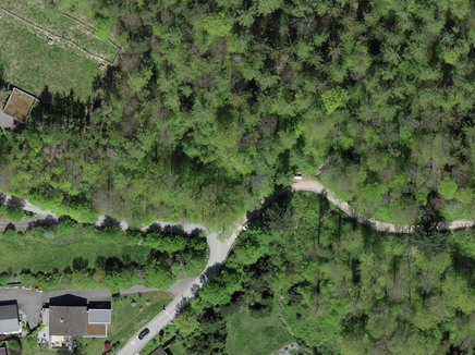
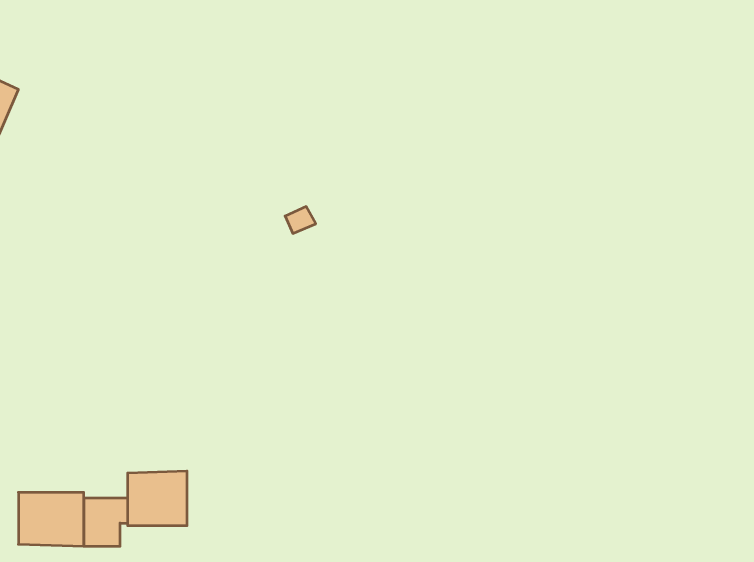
building: none -> [128,471,187,526]

